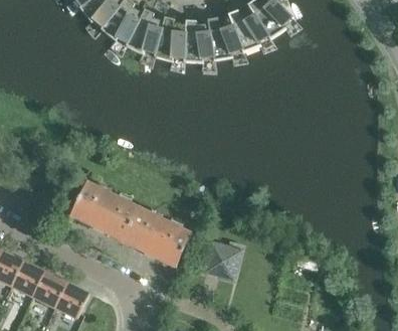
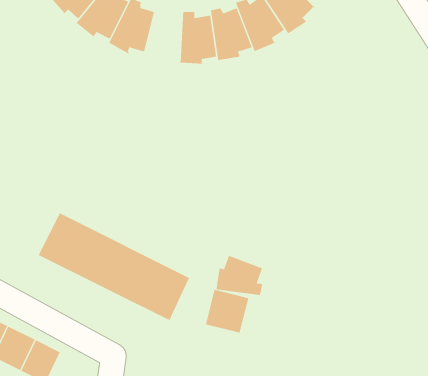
building: [154,16,185,61] -> none
building: none -> [216,254,267,296]

